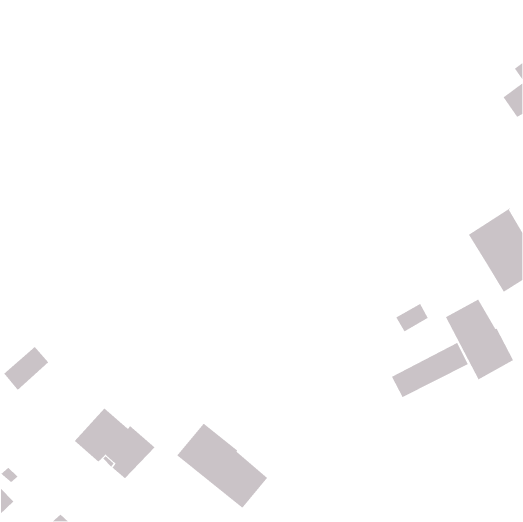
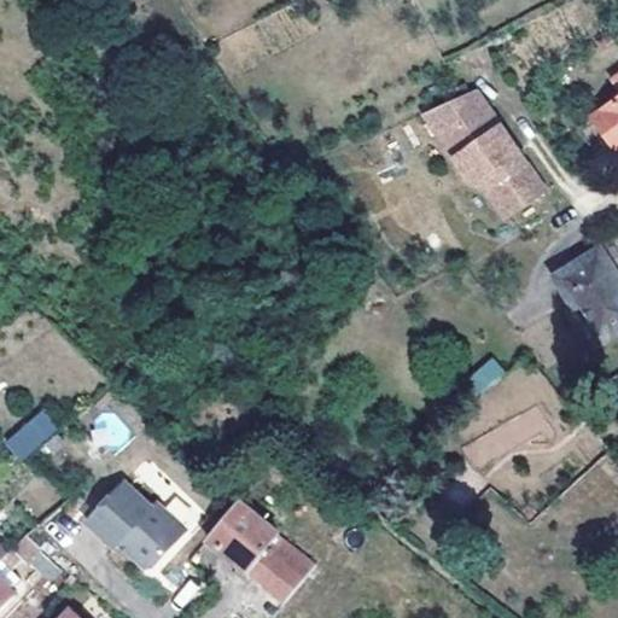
building: none -> [420,91,546,217]
building: [445,298,514,380] -> none

